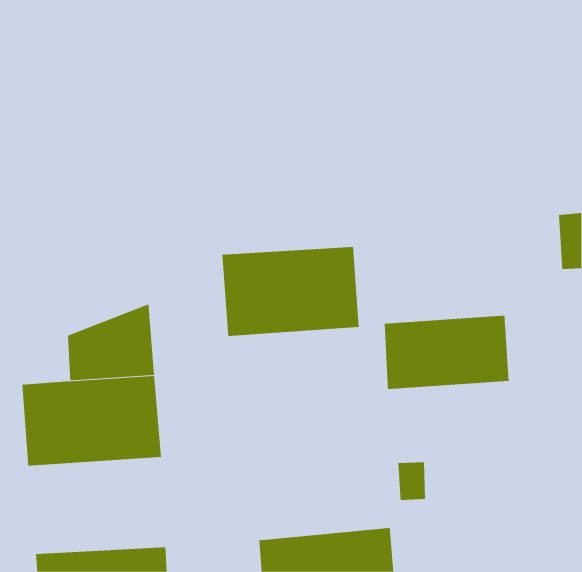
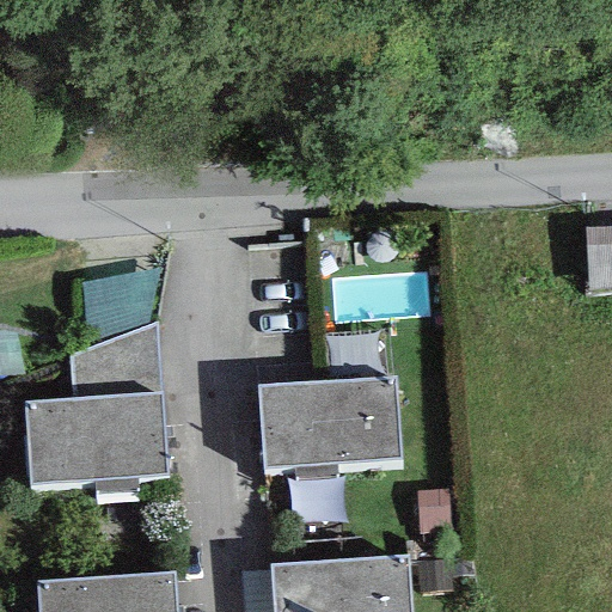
building: [222,247,359,336] -> [255,381,399,476]
building: [384,315,509,390] -> none

